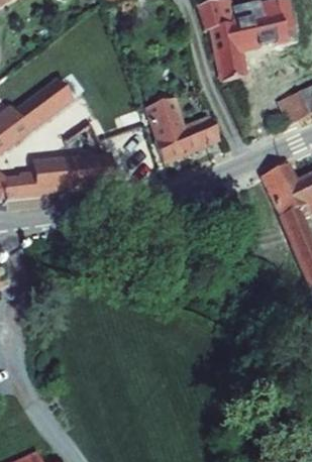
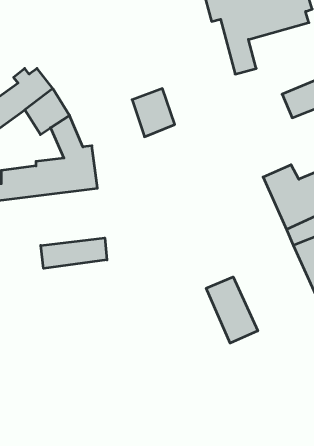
building: [153,116,217,161] -> none
building: none -> [41,238,107,268]
building: none -> [206,277,258,343]

